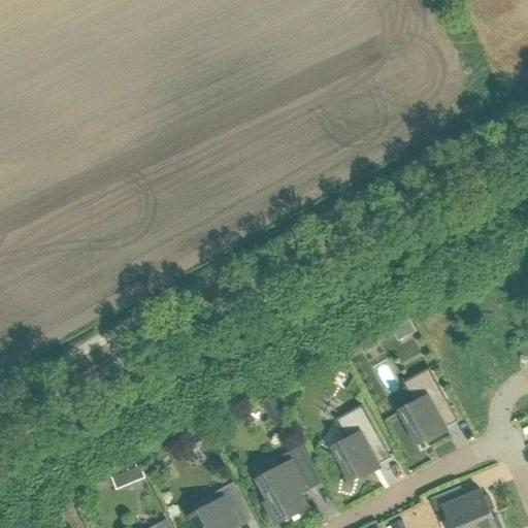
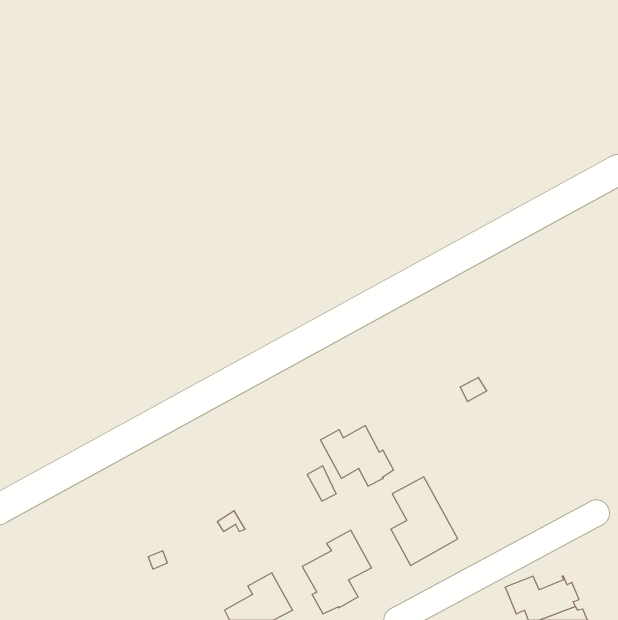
building: none -> [321,426,393,486]
building: [399,369,456,443] -> none

